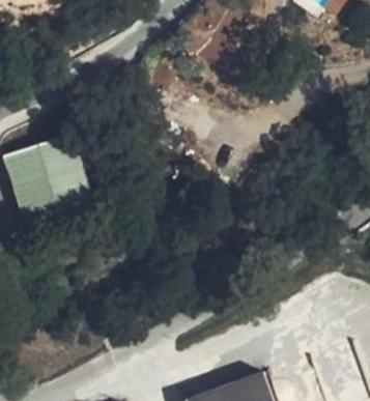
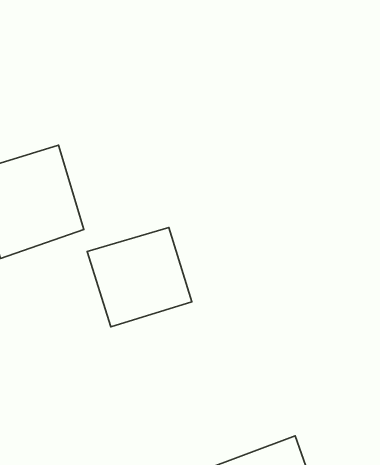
building: none -> [87,227,192,327]

